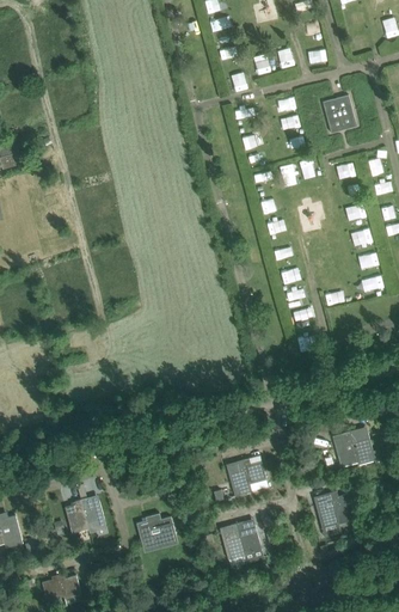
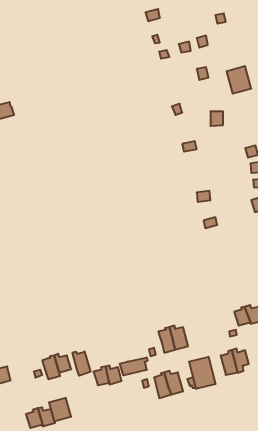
building: none -> [72,351,90,376]
building: none -> [189,357,216,389]
building: none -> [120,357,148,375]
building: none -> [49,398,71,421]

